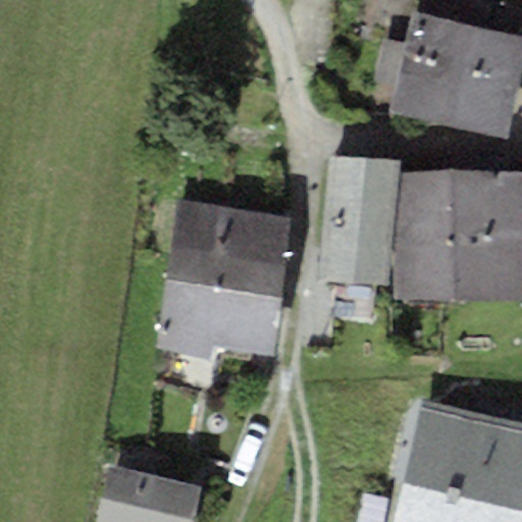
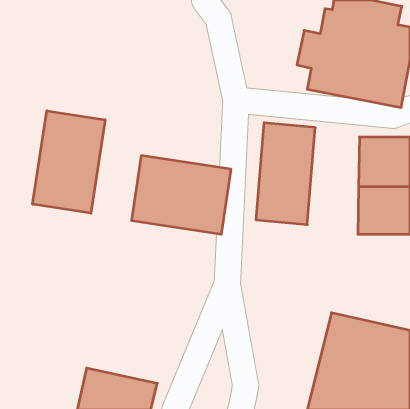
building: none -> [33,111,105,213]
building: [399,174,457,299] -> none
building: [156,281,281,360] -> none

